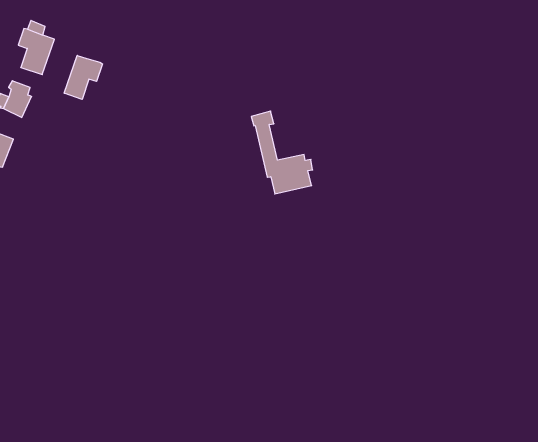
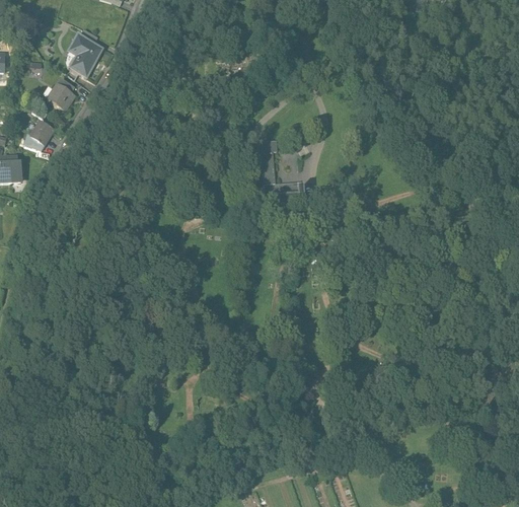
building: [64,55,102,99] -> none

